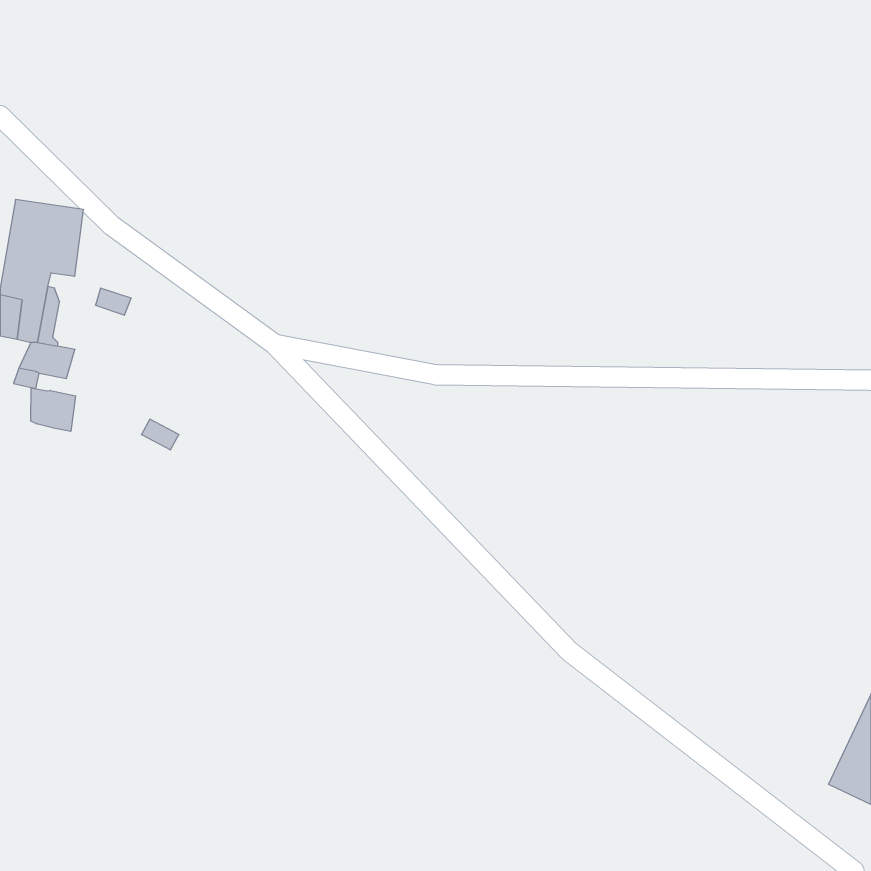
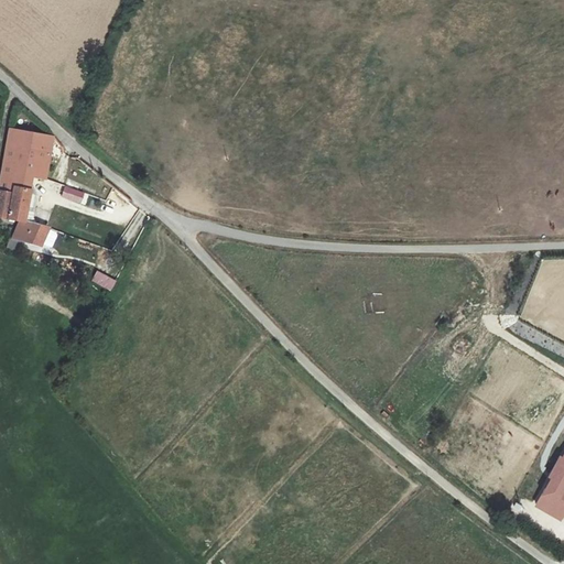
building: [31,388,75,431] -> none

